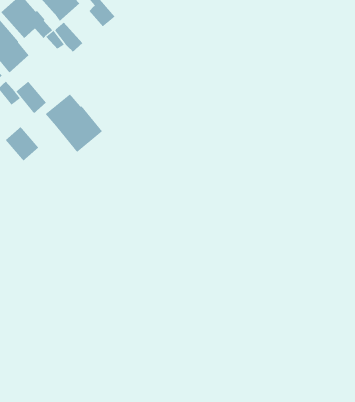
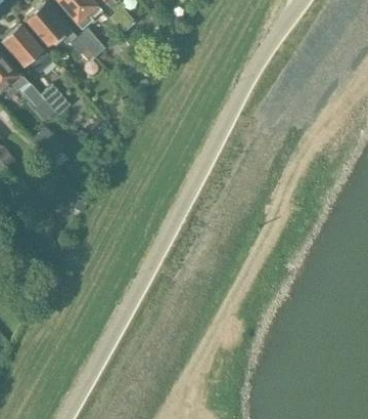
building: [45,93,103,153] -> none

